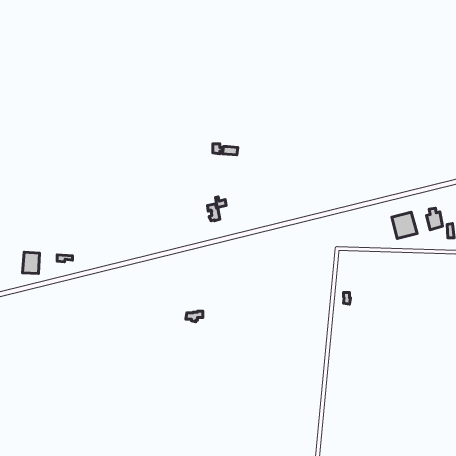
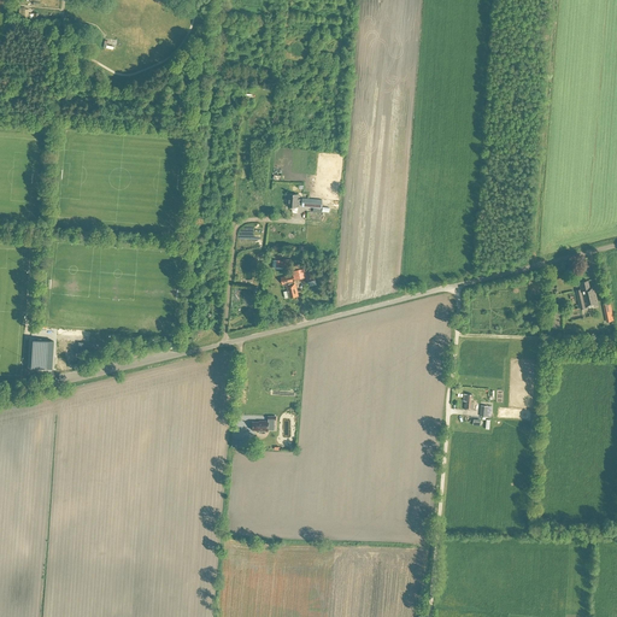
building: [392,212,417,238] -> none

